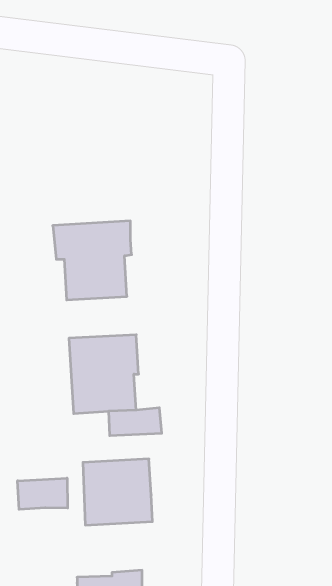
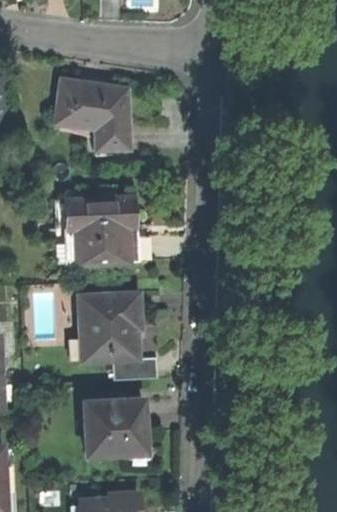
building: none -> [51,77,129,151]
building: [18,478,68,509] -> none

